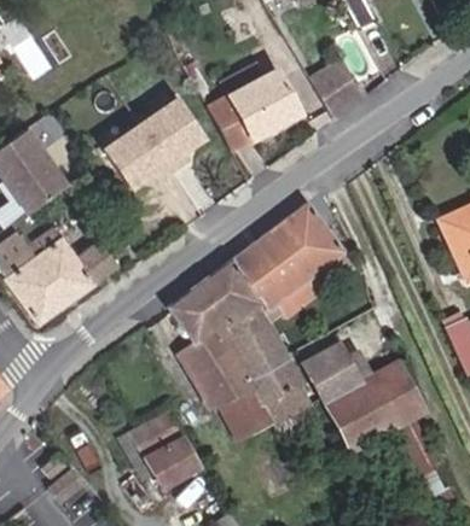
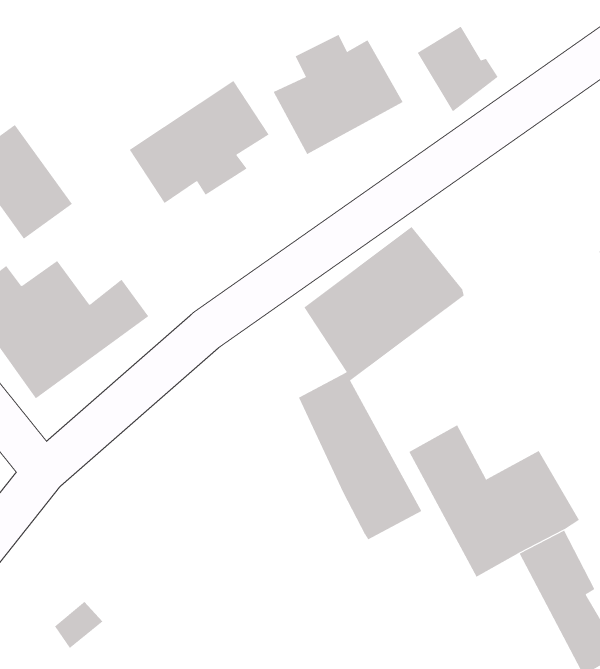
building: [168,259,273,439] -> none
building: [132,409,201,489] -> none

